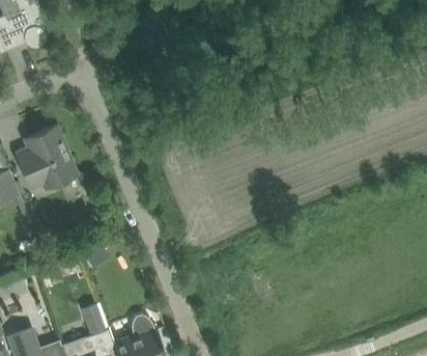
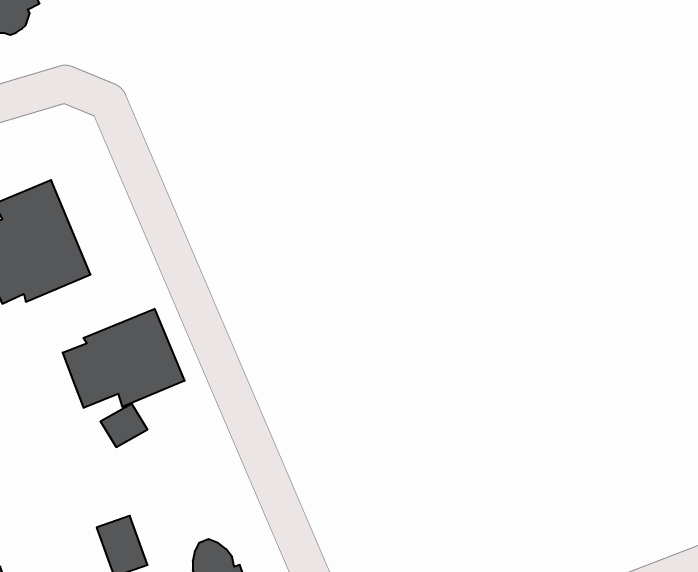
building: none -> [63,309,185,408]

